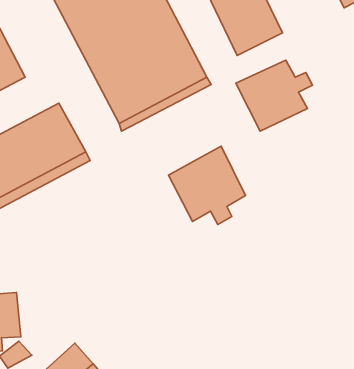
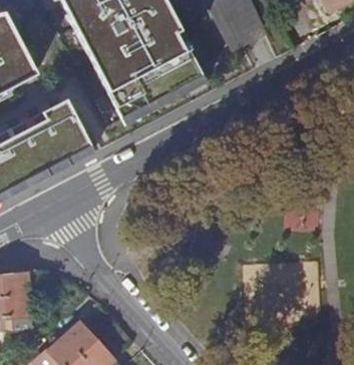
building: [236,60,312,131] -> none
building: [169,146,246,224] -> none

